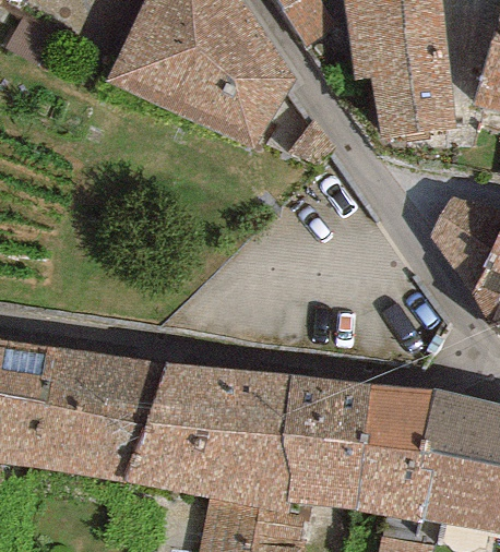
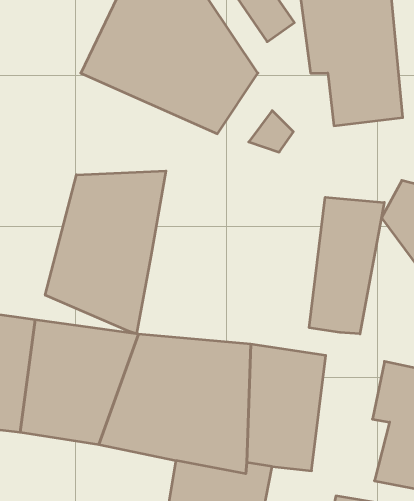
building: none -> [45,171,166,334]
building: none -> [309,197,384,334]
building: [355,385,439,520] -> none

